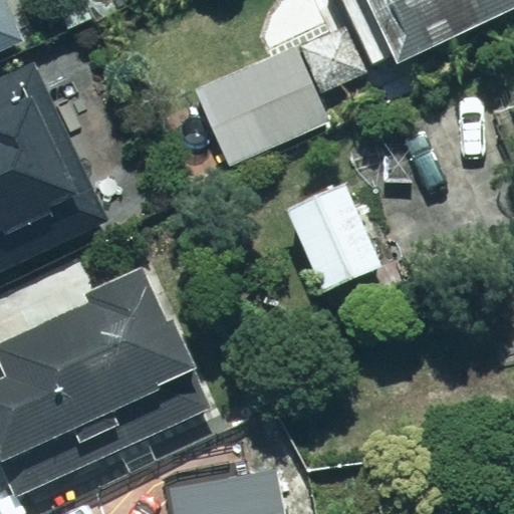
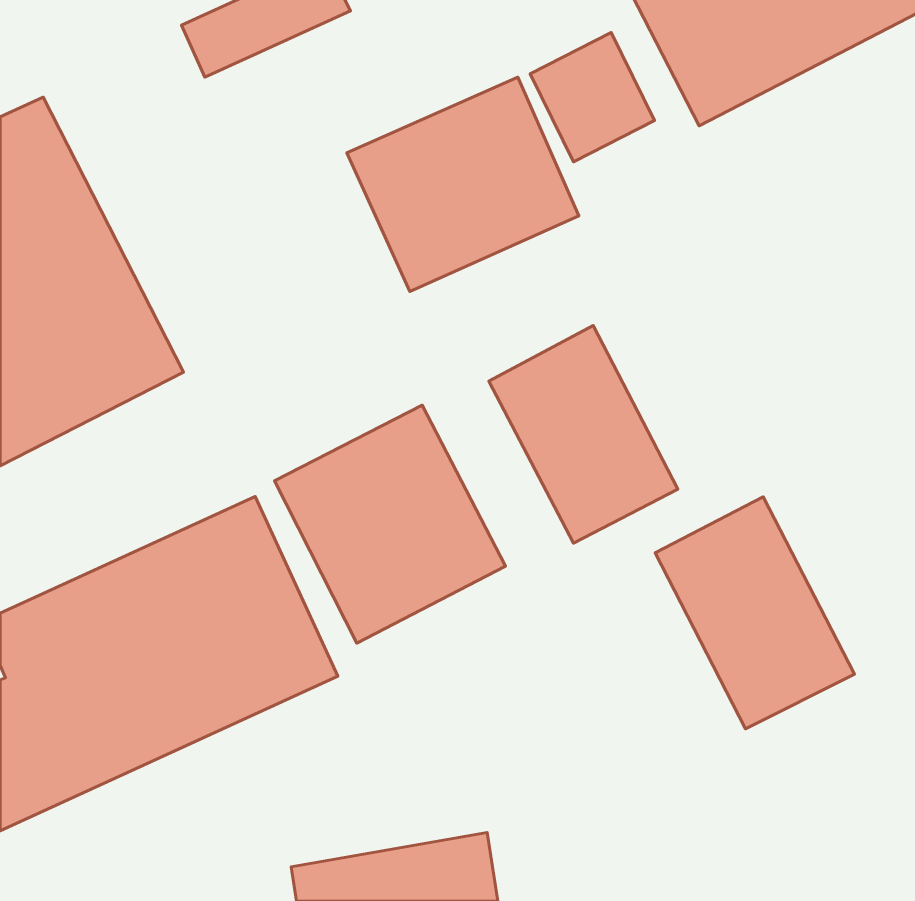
building: none -> [275,405,506,643]
building: none -> [655,497,855,729]

